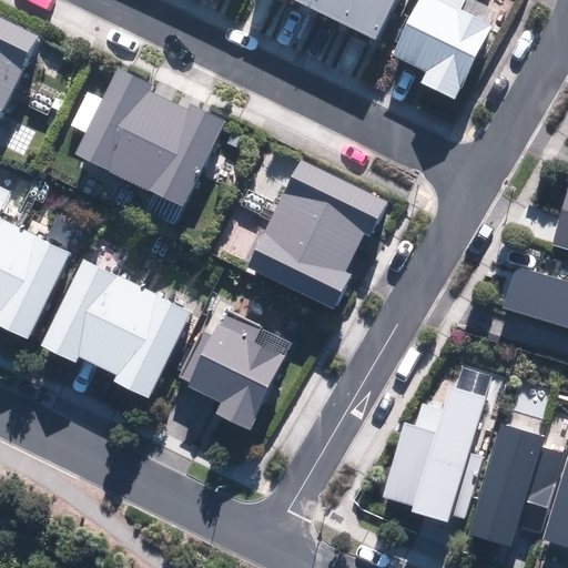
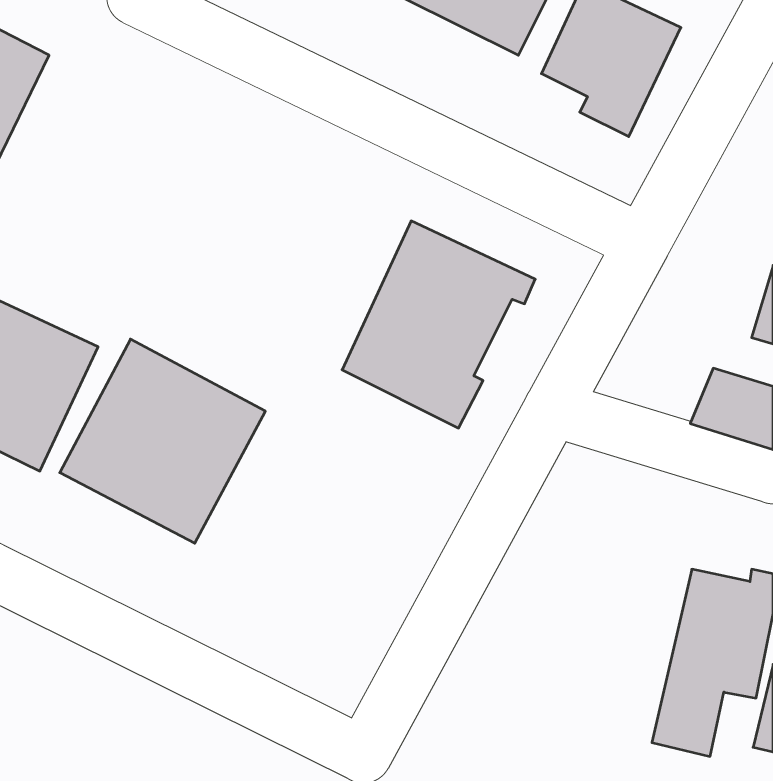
building: [79,72,225,209] -> none
building: [184,311,288,430] -> none
building: [378,382,486,520] -> none

